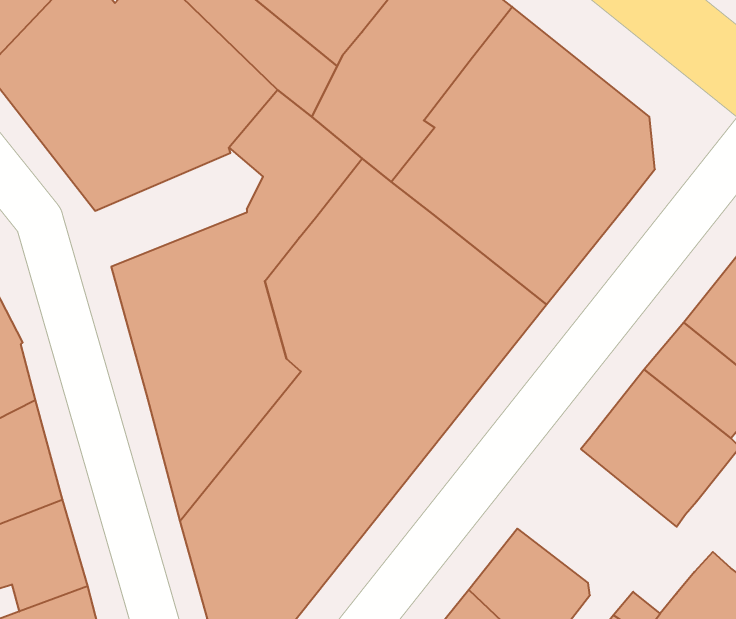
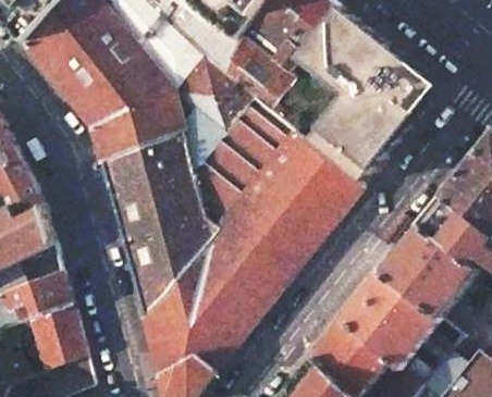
building: none -> [89,90,190,162]
building: none -> [344,272,451,370]

